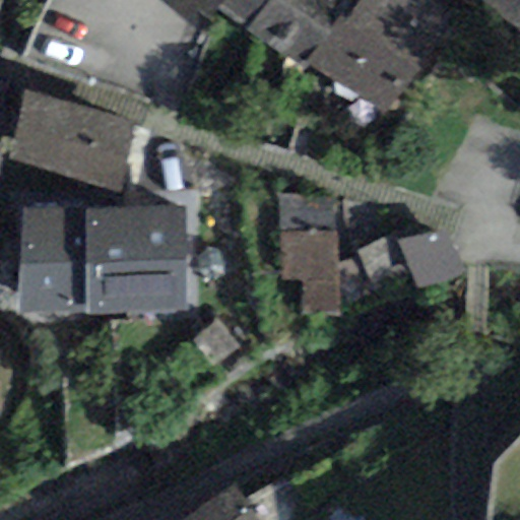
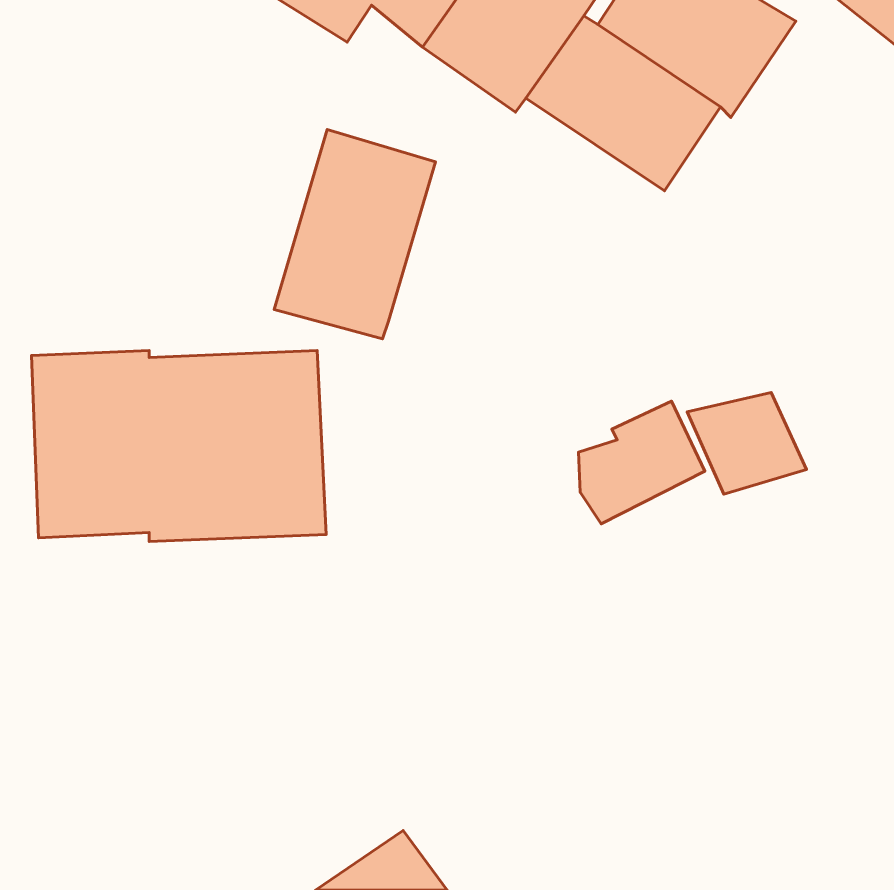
building: none -> [274,129,436,339]
building: [10,89,132,190] -> none
building: [278,193,338,313] -> none

